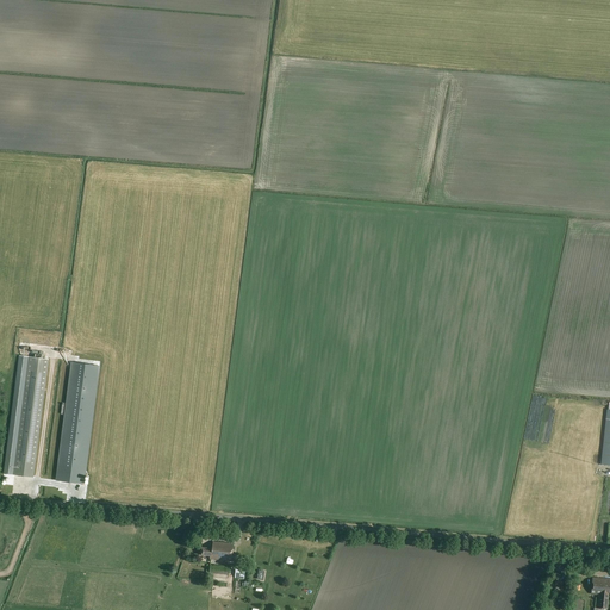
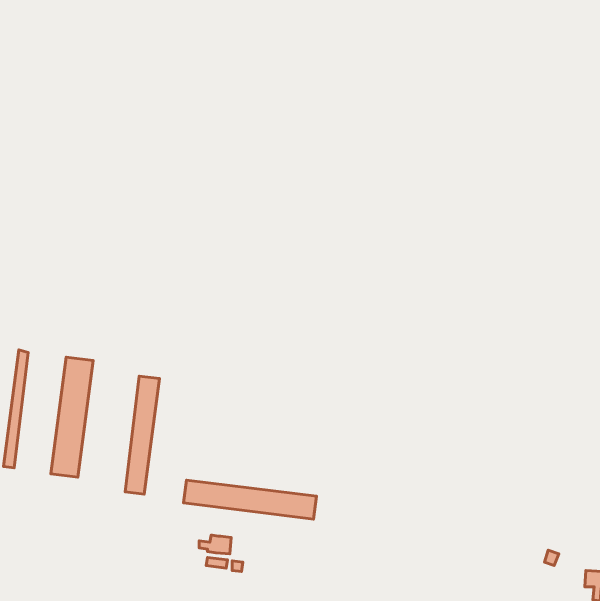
building: [17,356,51,475] -> [125,376,159,494]
building: none -> [184,480,316,519]

